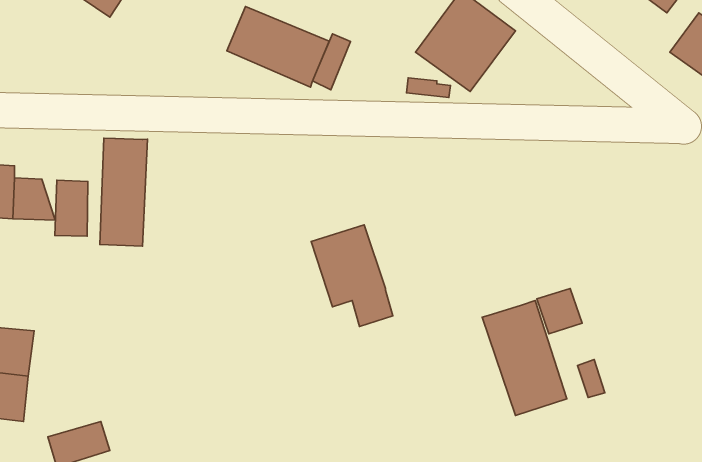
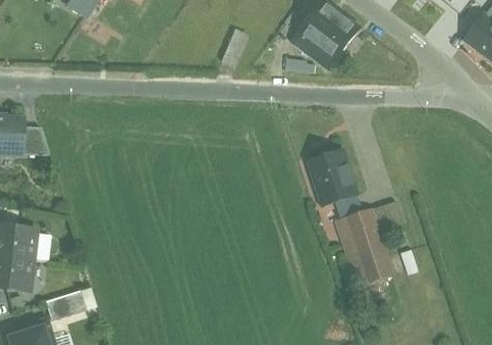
building: [227,6,329,87] -> none
building: [100,138,147,246] -> none
building: [55,180,88,236] -> none
building: [311,225,393,326] -> [308,151,363,219]

